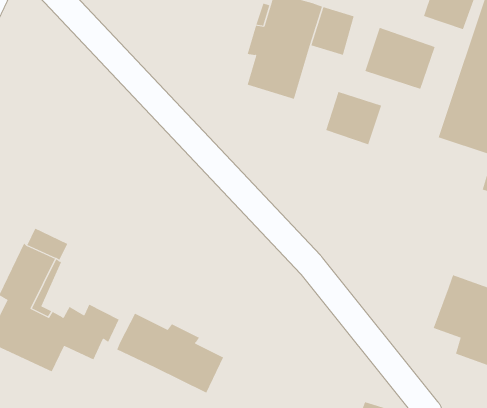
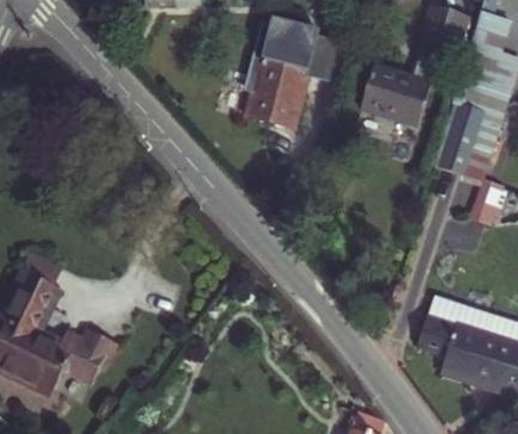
building: [325,91,382,145] -> none
building: [117,313,224,393] -> none

